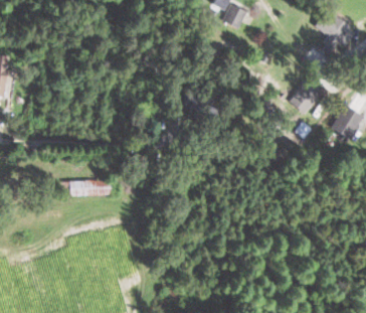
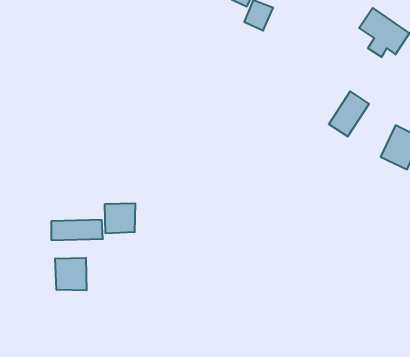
building: none -> [105,203,135,233]
building: none -> [55,258,87,290]

